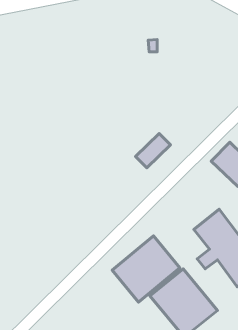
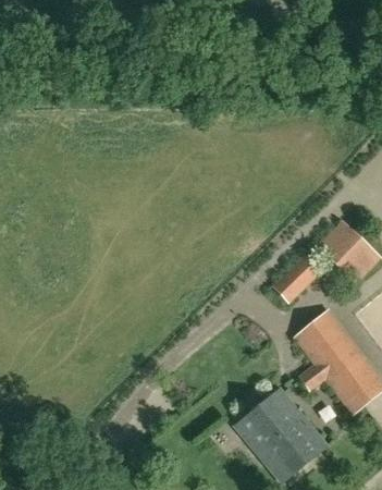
building: [136,134,171,168] -> [272,255,319,301]
building: [112,236,180,302] -> none

